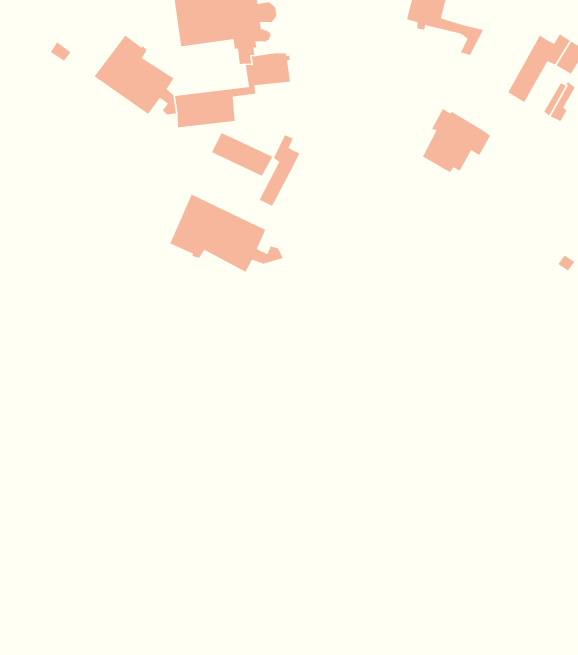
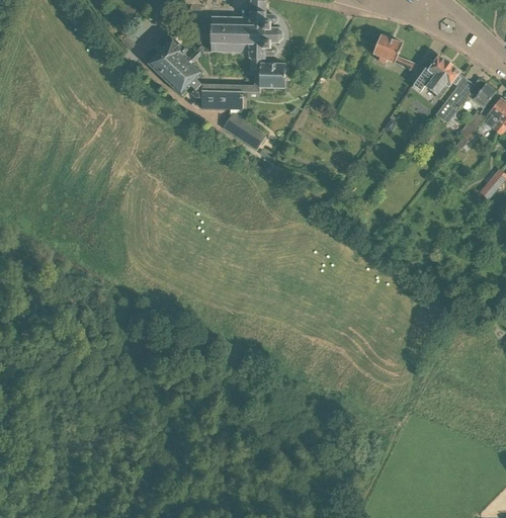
building: [422,108,491,173] -> [414,53,465,99]
building: [259,134,301,207] -> none
building: [169,193,284,273] -> none

